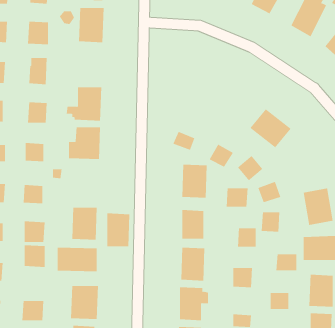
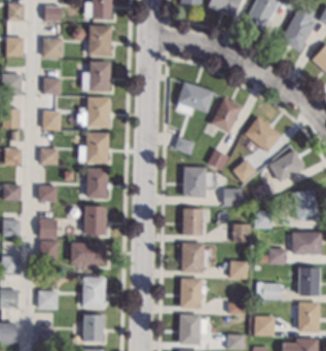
building: none -> [81,60,111,92]
building: none -> [176,81,214,115]
building: none -> [211,97,243,133]
building: none -> [268,149,304,182]
building: [106,213,130,247] -> [86,168,108,199]

